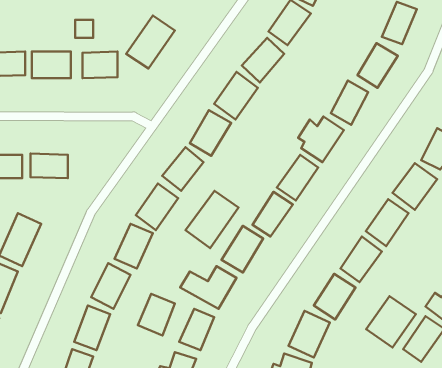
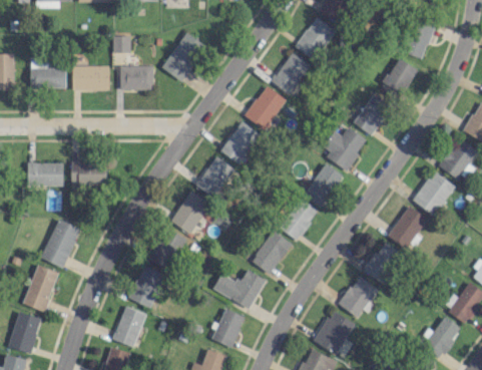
building: [186,191,239,248] -> none
building: [138,294,175,336] -> none
building: [366,296,416,347] -> none

